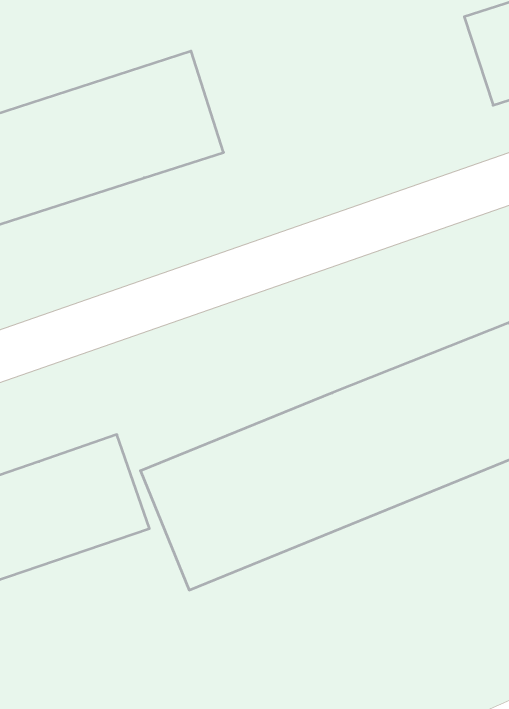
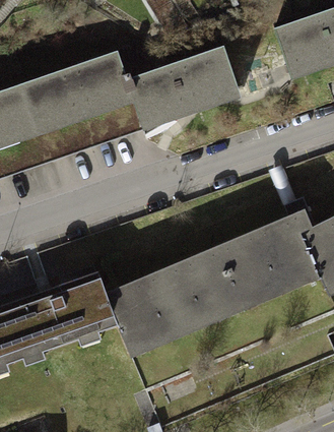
building: none -> [143,49,256,136]

